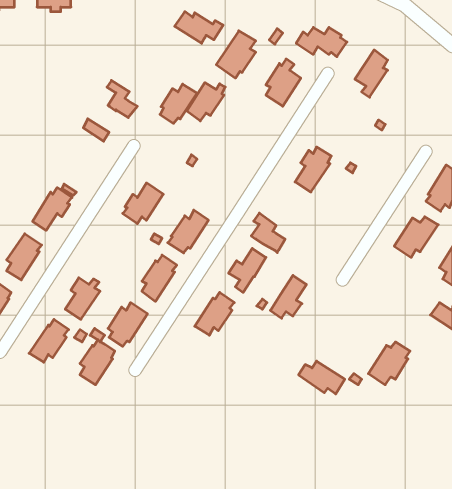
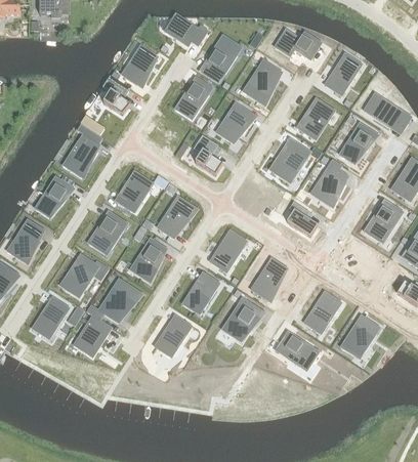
building: [160,84,197,123] -> [124,48,158,84]
building: none -> [364,96,412,128]
building: none -> [298,100,333,137]
building: none -> [216,106,252,141]
building: none -> [339,127,374,159]
building: none -> [67,134,98,176]
building: none -> [194,134,222,175]
building: none -> [315,166,347,206]
building: [251,213,285,253] -> [287,201,318,237]
building: none -> [88,212,124,252]
building: none -> [307,291,337,332]
building: none -> [225,299,258,341]
building: none -> [159,321,192,358]

